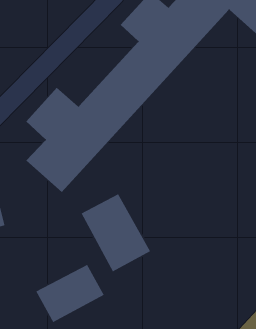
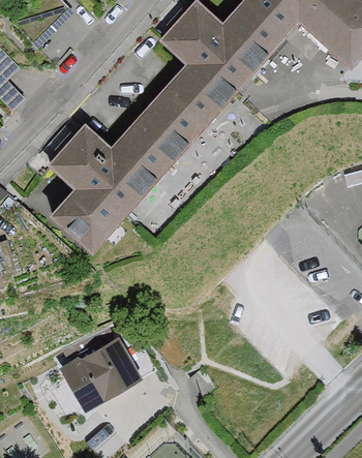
building: [80,193,151,272] -> none

